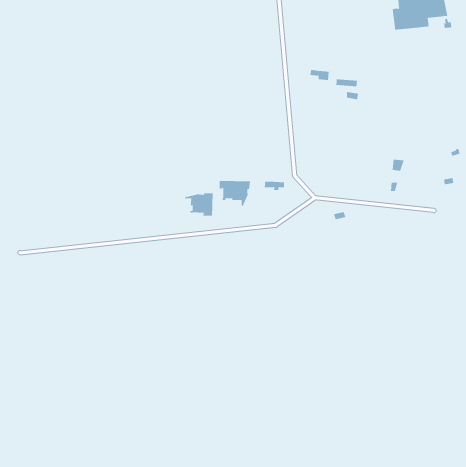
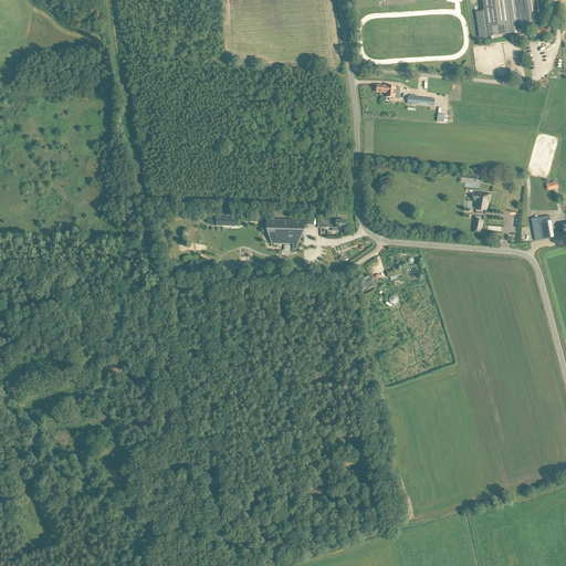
building: [184,193,213,217] -> none

